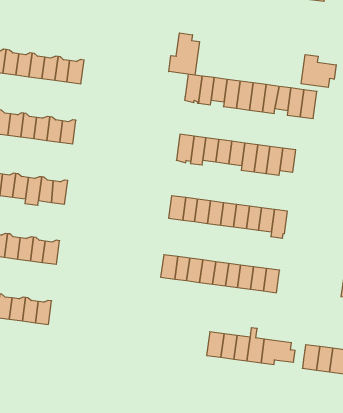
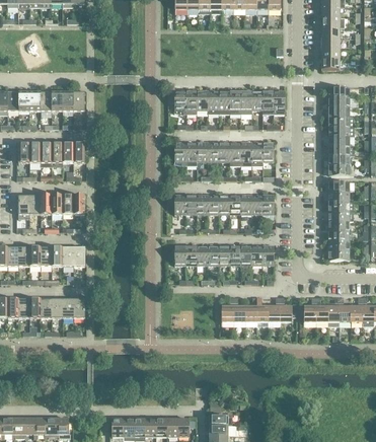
building: [169,33,199,75] -> none
building: [301,55,336,87] -> none

